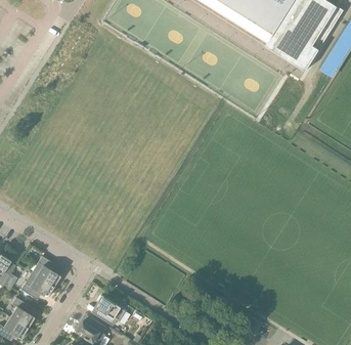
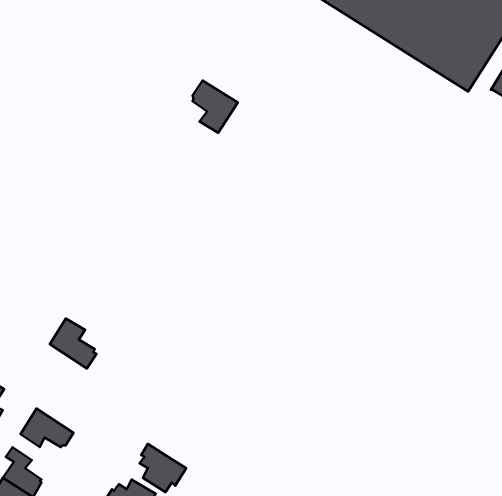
building: none -> [193,81,238,133]
building: [31,256,60,288] -> [50,318,97,368]

